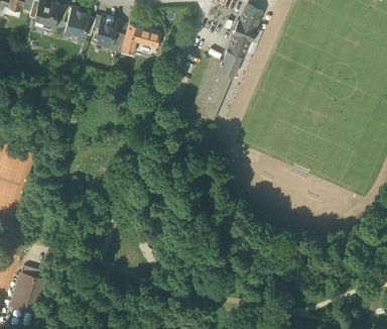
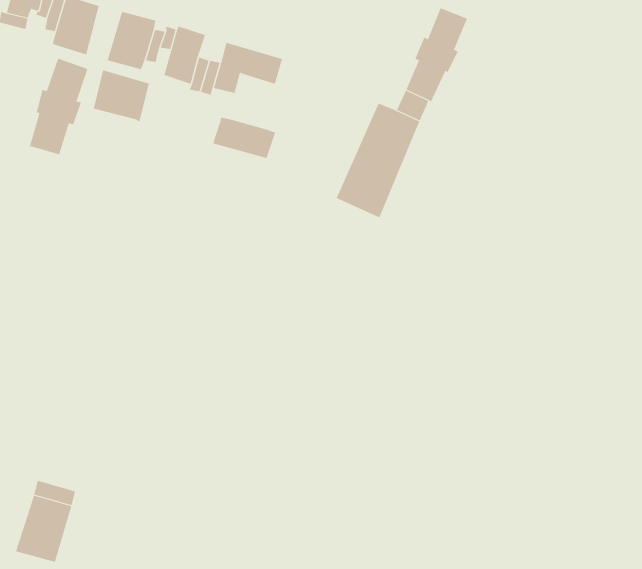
building: none -> [29,58,88,155]
building: none -> [93,69,149,123]
building: none -> [212,117,276,159]

